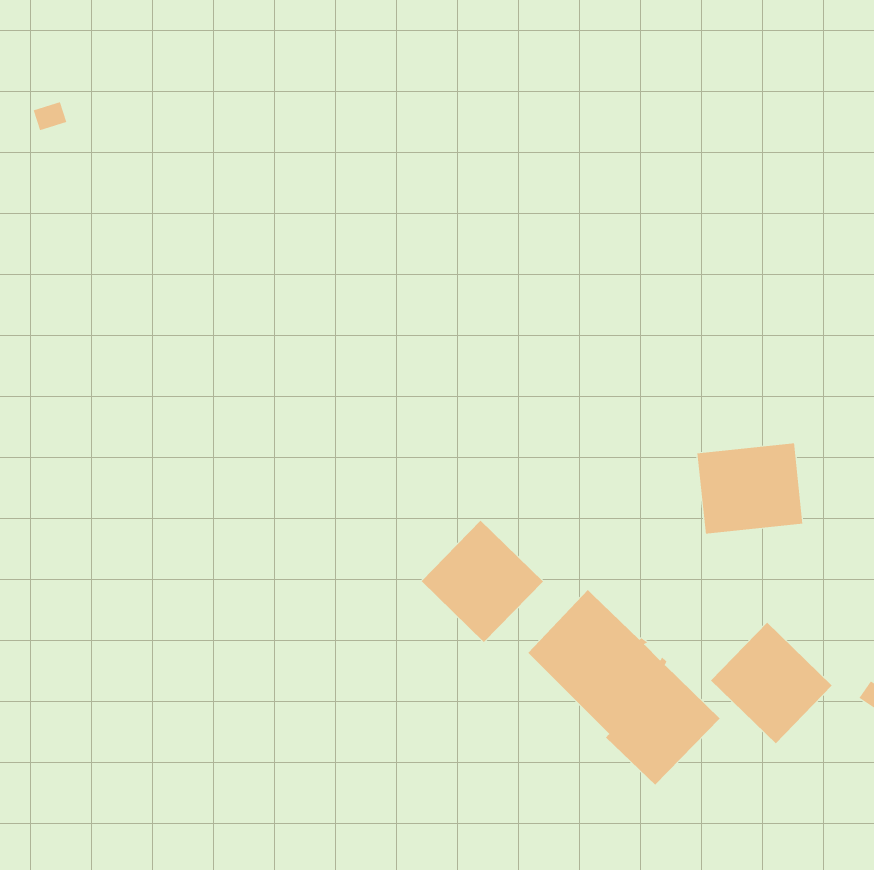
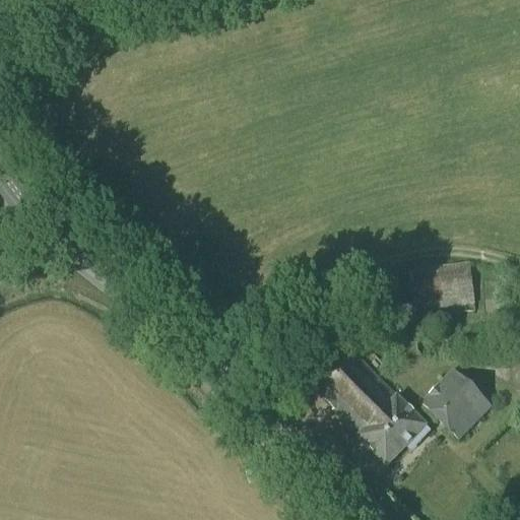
building: [421,520,544,643] -> none

